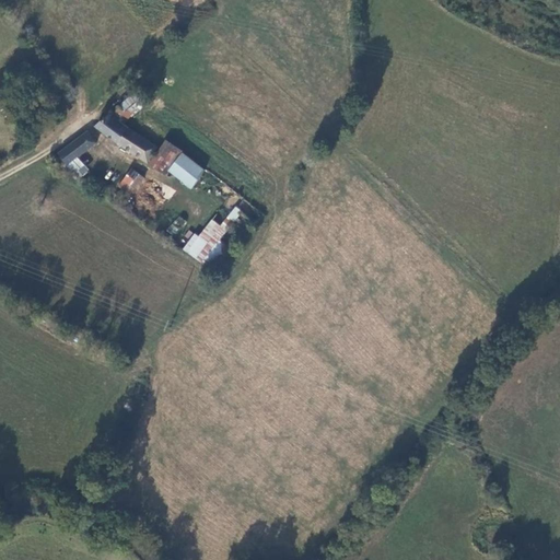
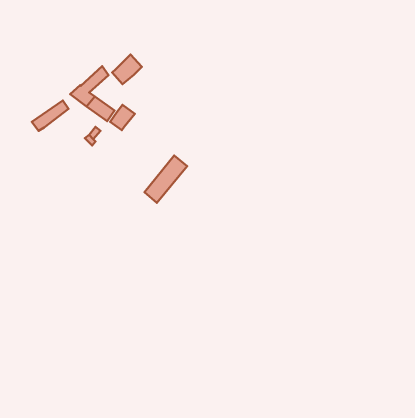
building: none -> [112,54,142,84]
building: [166,152,203,187] -> none

